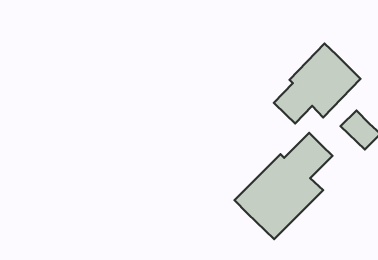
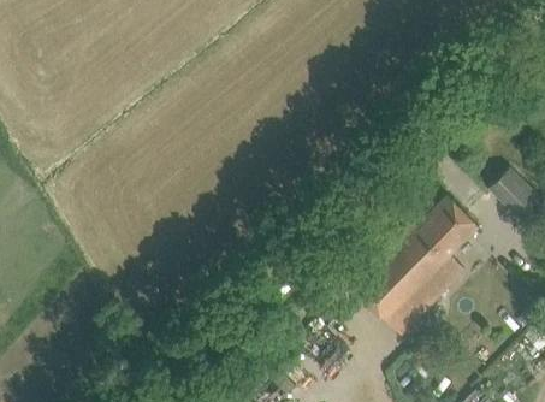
building: [274,43,360,124] -> none

